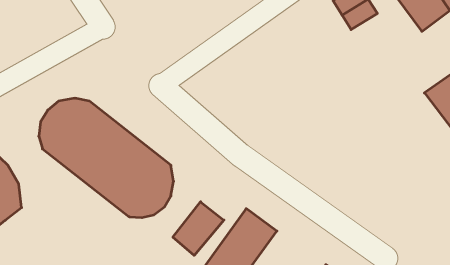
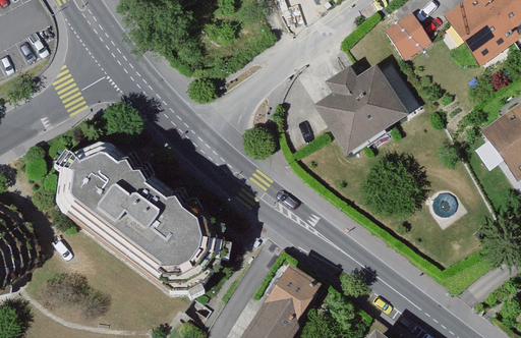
building: none -> [320,68,413,156]
building: [173,202,224,255] -> none

